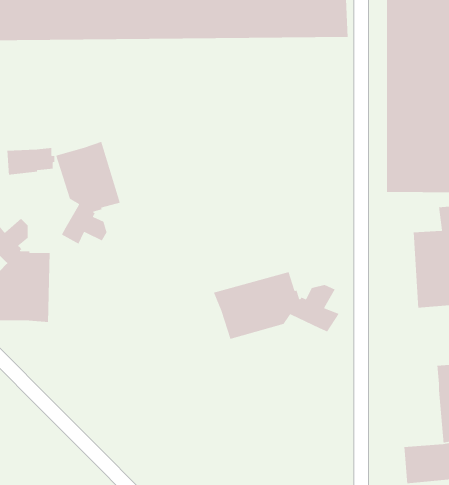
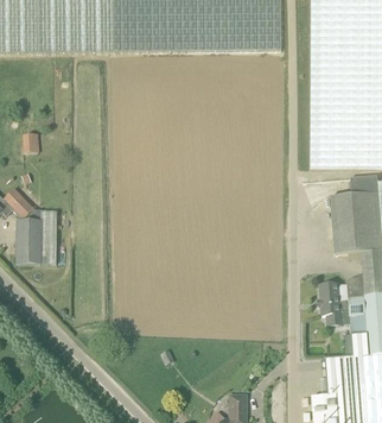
building: [55,141,121,245] -> none
building: [213,271,340,340] -> none
building: none -> [320,283,350,316]

